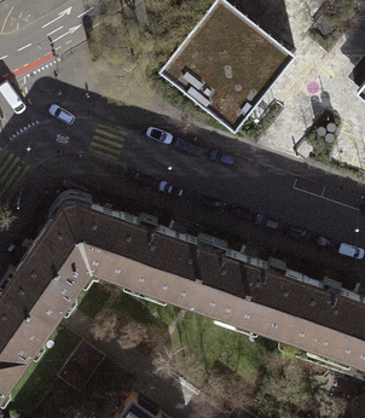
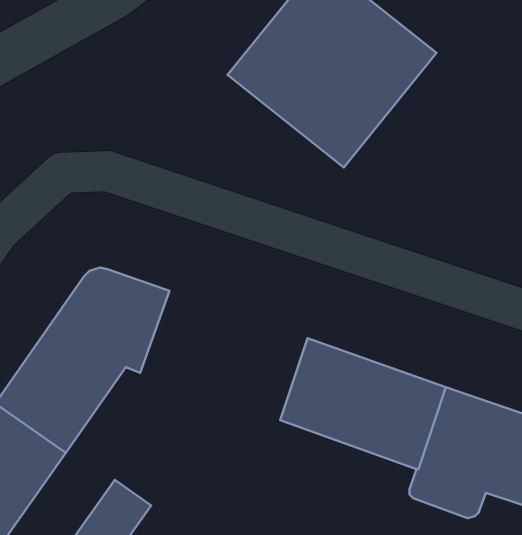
building: [100,216,212,302] -> none

